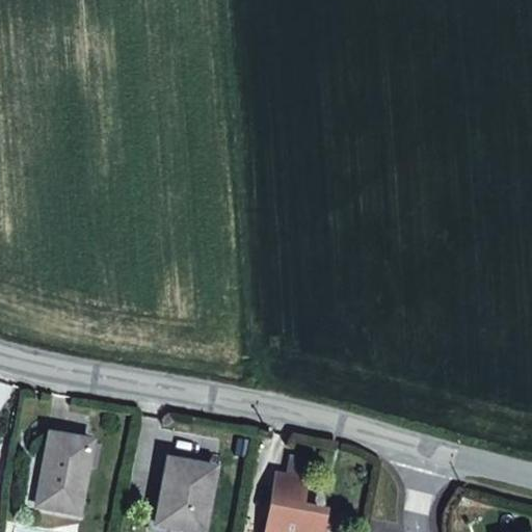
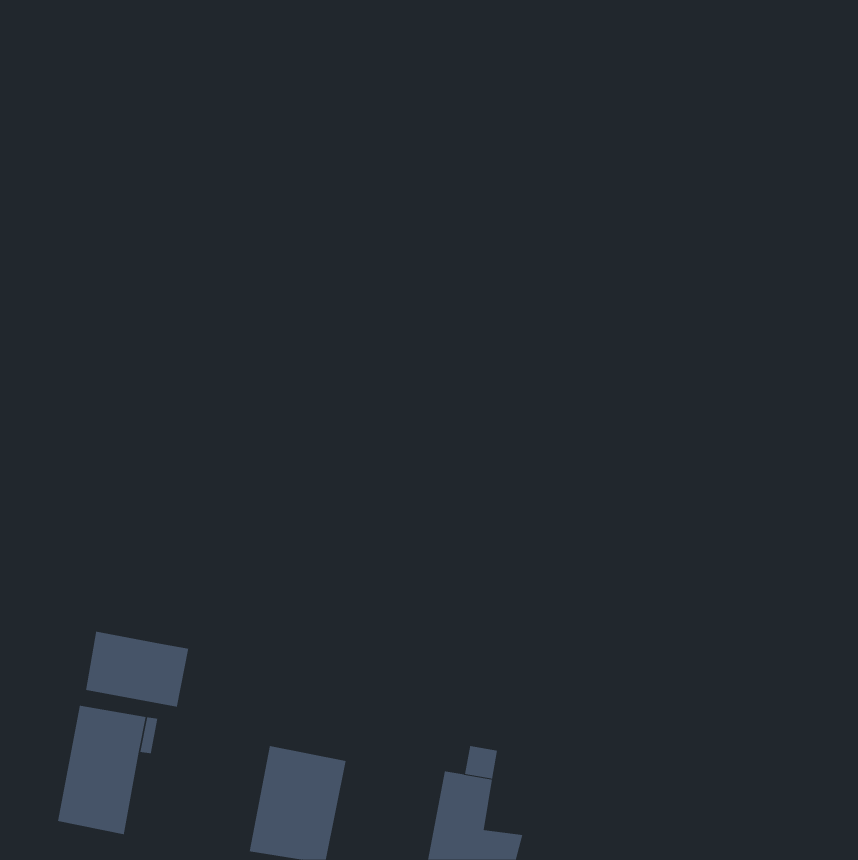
building: none -> [85,631,189,707]

